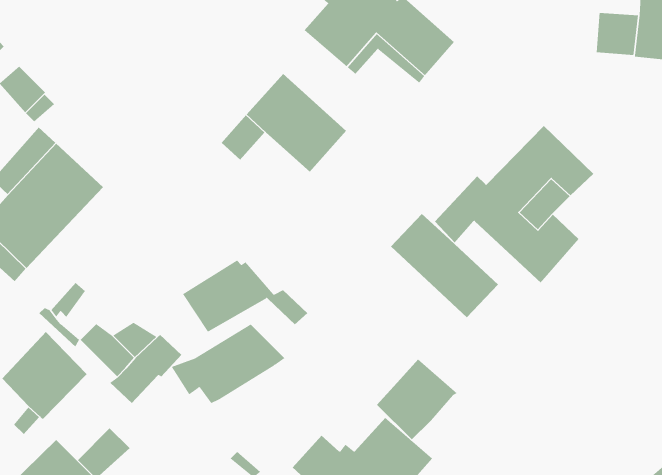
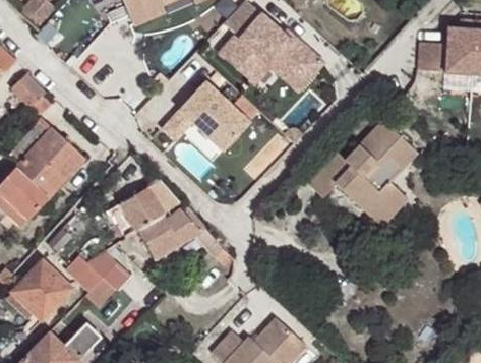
building: [390,213,499,318] -> none
building: [171,324,285,404] -> [103,182,181,237]
building: [376,358,458,440] -> none

